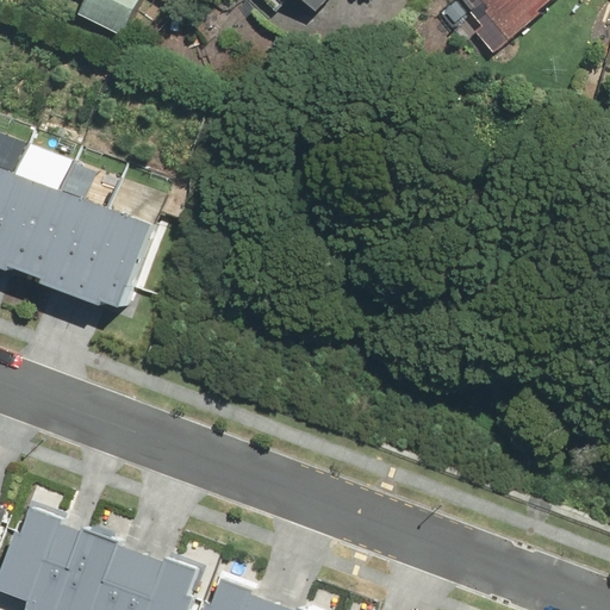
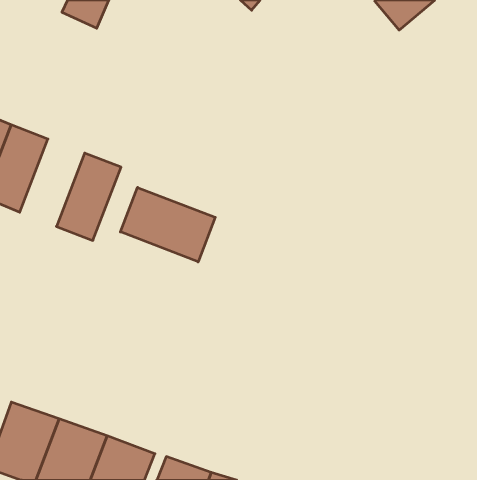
building: [25,176,107,287] -> none
building: none -> [120,187,215,262]

